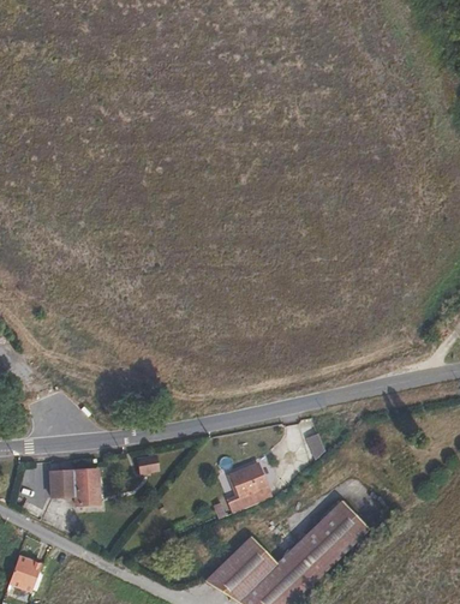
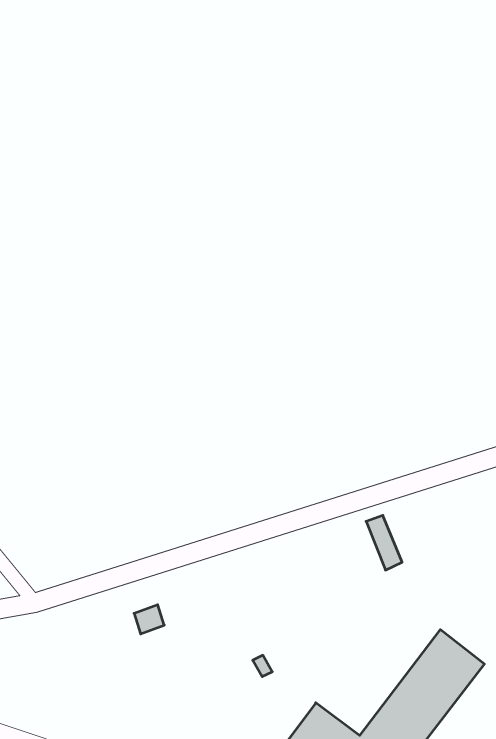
building: [226,461,269,509] -> none
building: [49,470,100,506] -> none

